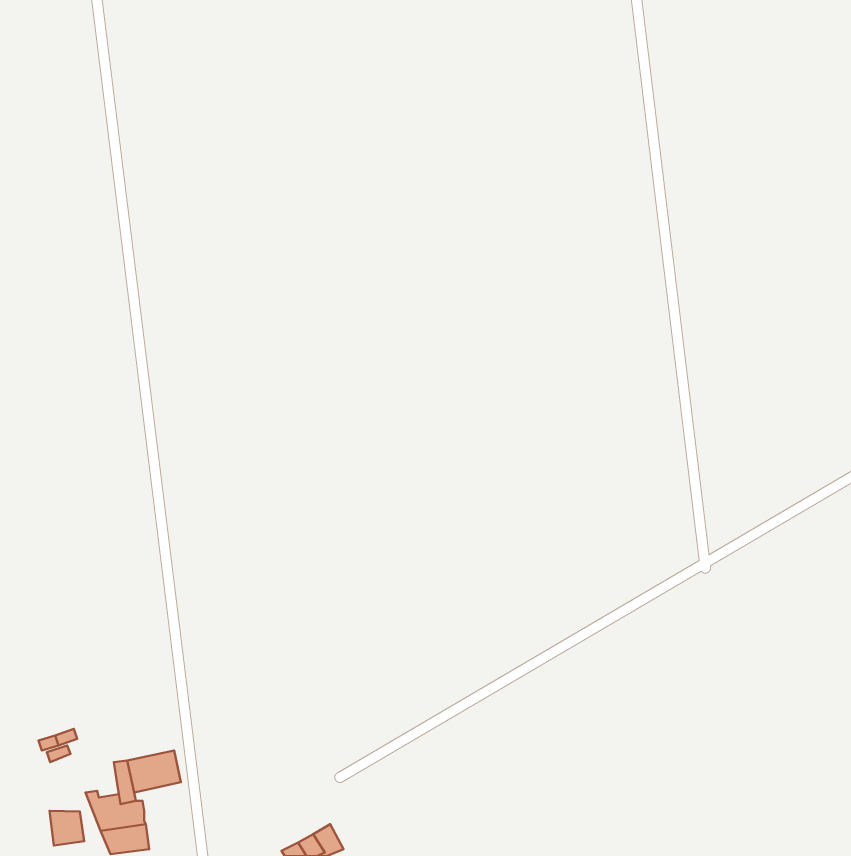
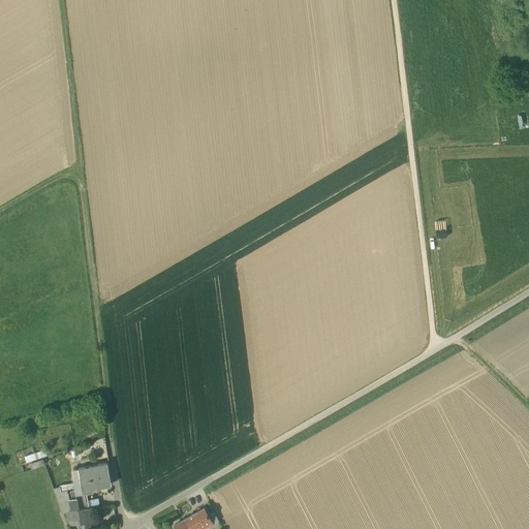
building: [50,811,84,846] -> none

